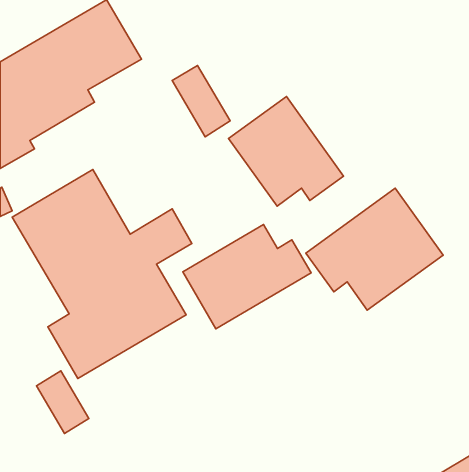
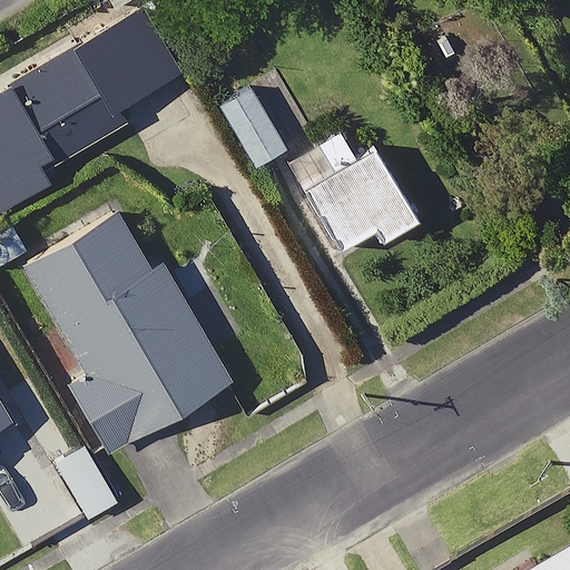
building: [306,188,443,310] -> none
building: [183,224,311,329] -> none

